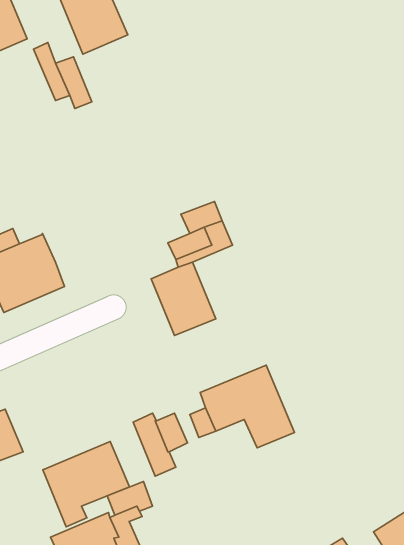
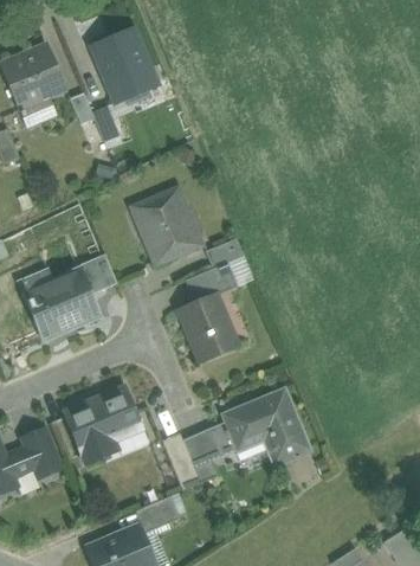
building: none -> [133,188,201,263]
building: none -> [77,253,117,294]
building: [43,442,129,527] -> [64,386,143,464]

